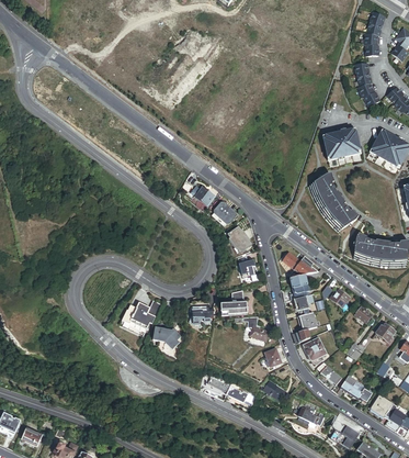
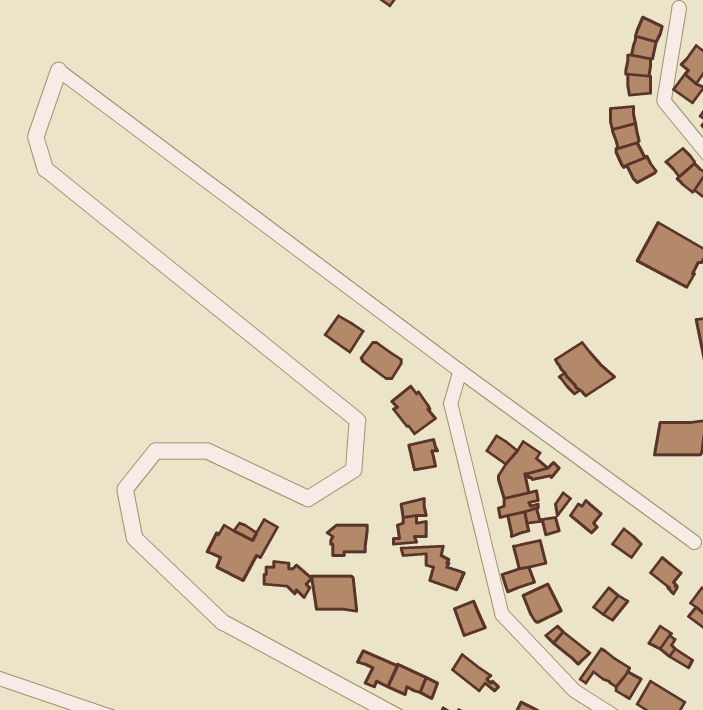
building: [322,129,360,160] -> none
building: [310,174,338,209] -> none
building: [353,236,383,264] -> none
building: none -> [311,576,356,611]

